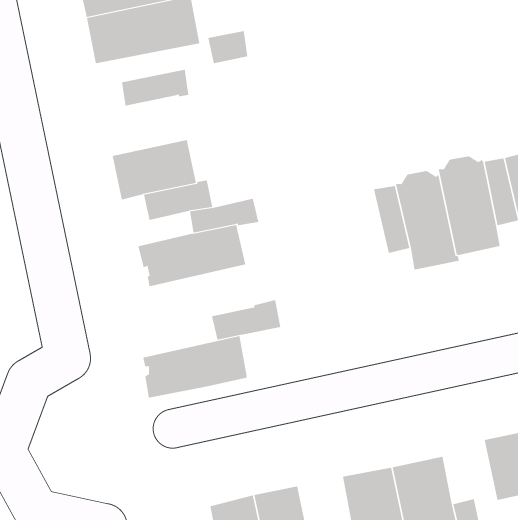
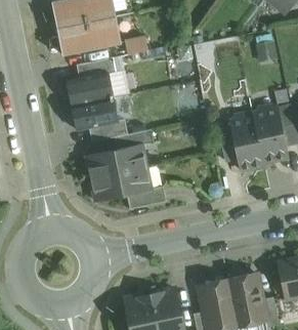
building: none -> [67,72,114,106]
building: [143,335,248,398] -> [92,166,151,201]

